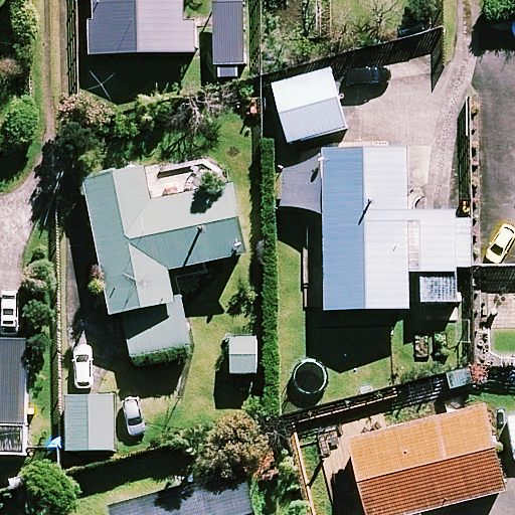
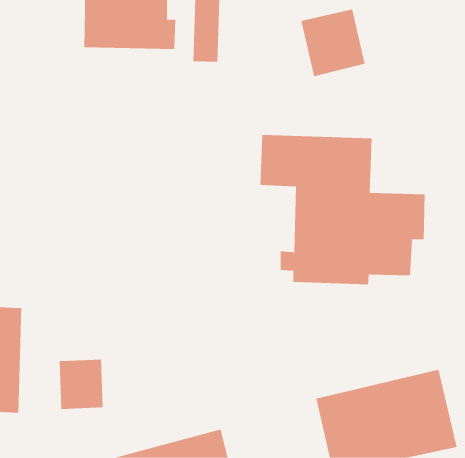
building: [271,64,342,139] -> [300,9,366,77]
building: [84,171,243,354] -> none

